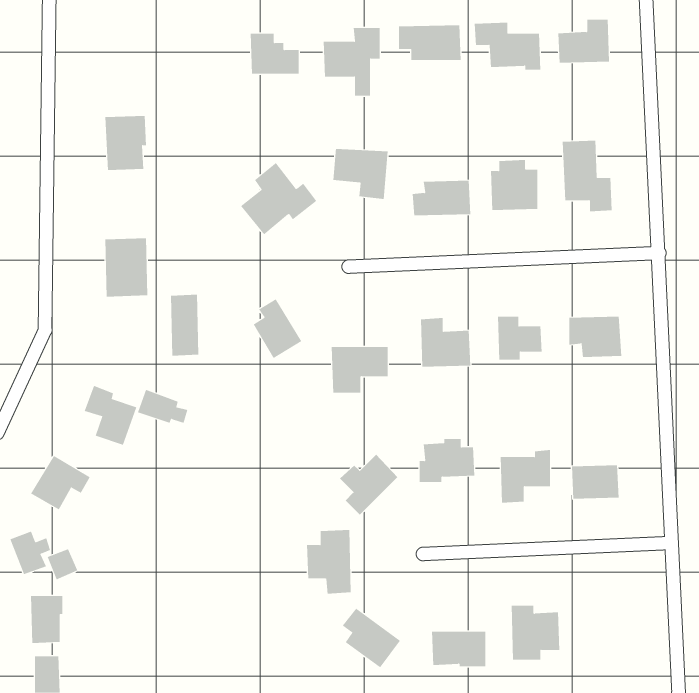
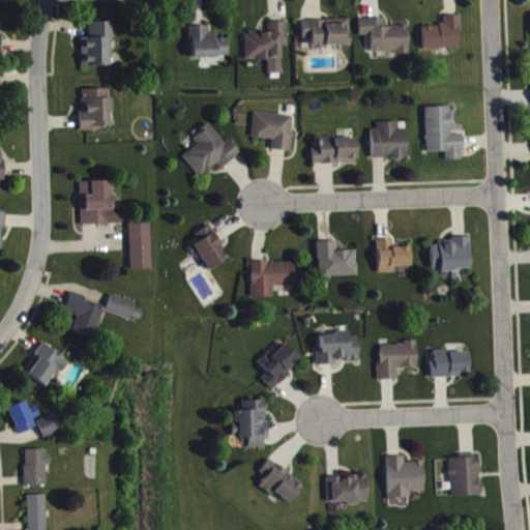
building: none -> [80,20,113,65]
building: none -> [448,453,477,495]

